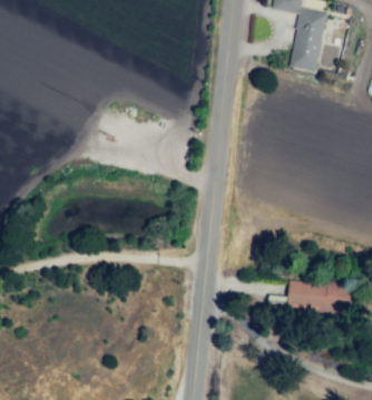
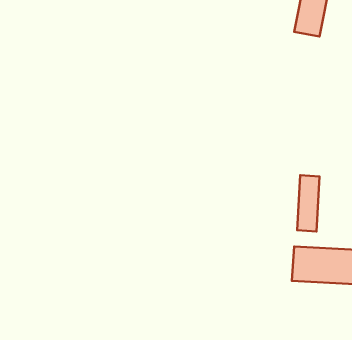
building: none -> [297,175,319,232]

